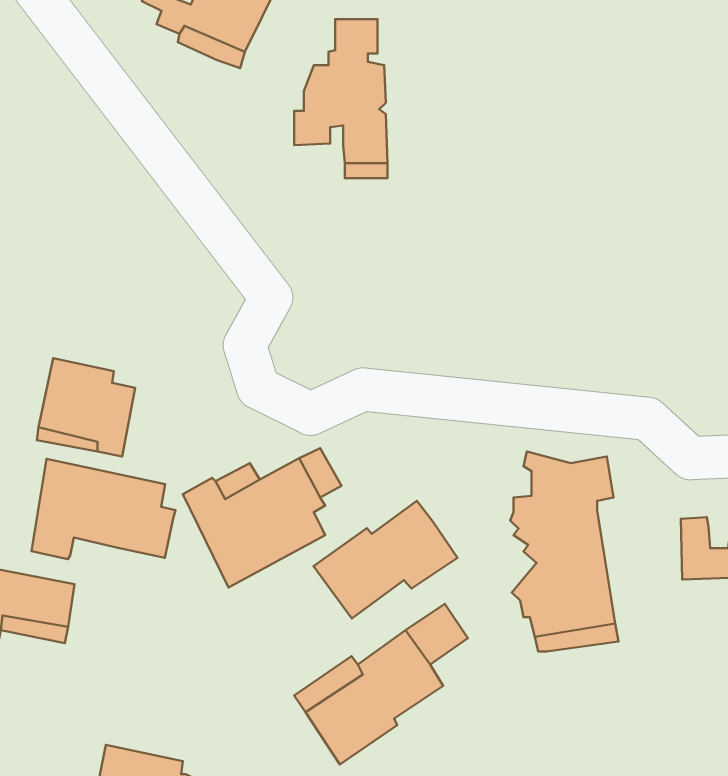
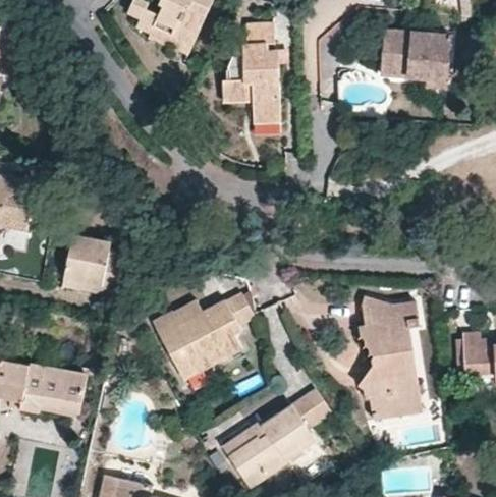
building: none -> [382,30,451,90]
building: [31,459,175,559] -> none
building: [313,501,457,619] -> none

